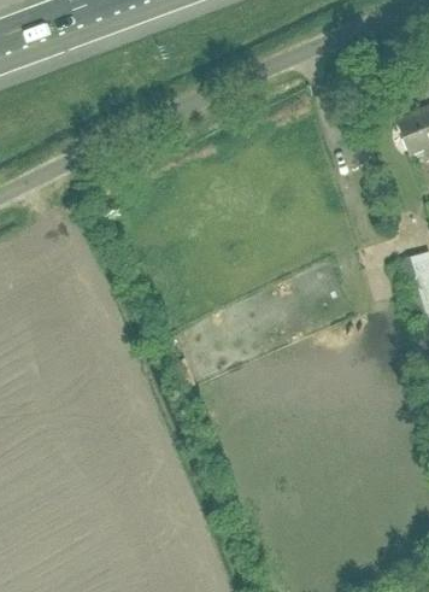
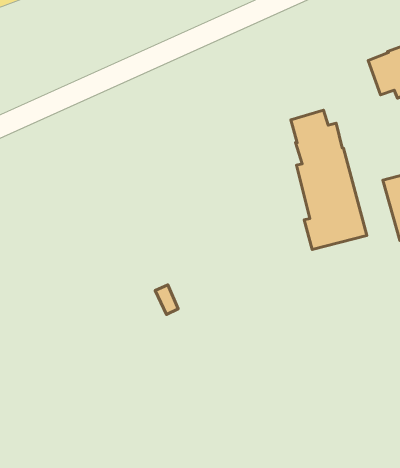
building: none -> [291,110,367,249]

